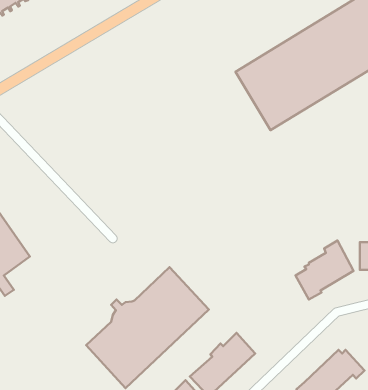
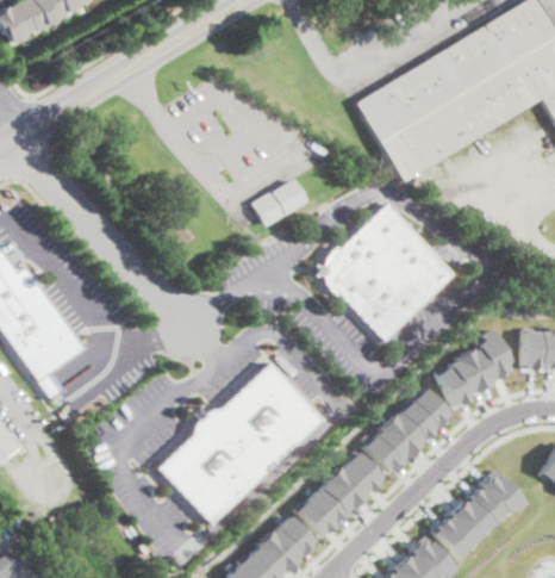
building: none -> [252,180,308,228]
building: none -> [311,206,453,343]
building: none -> [363,389,451,474]

